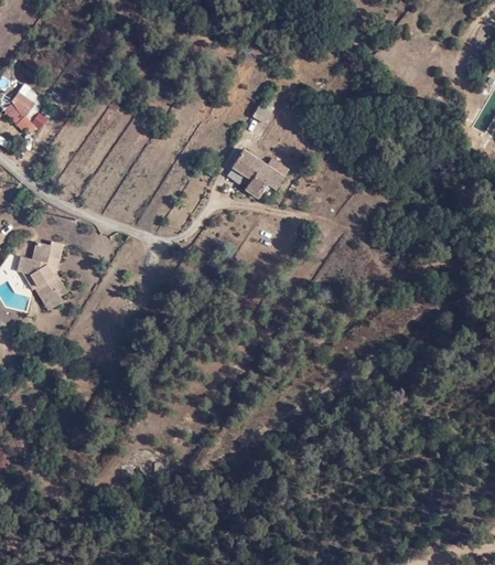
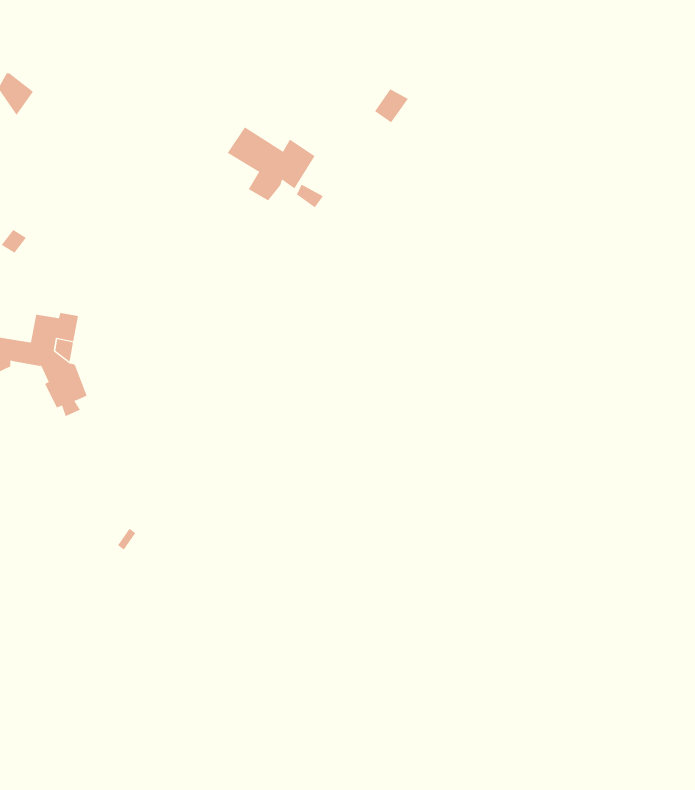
building: [230,149,287,196] -> [227,127,316,201]

